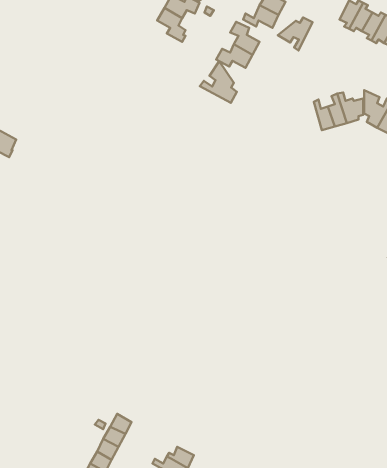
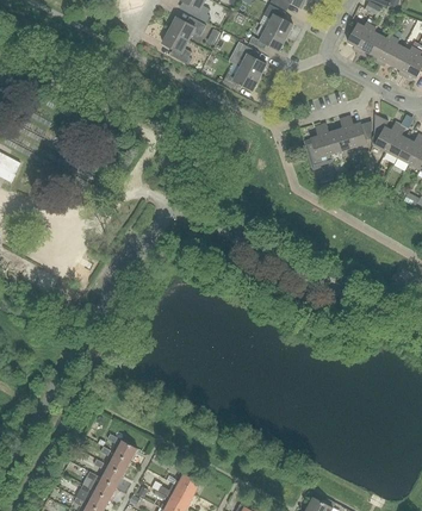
building: [278,18,312,50] -> none
building: [200,61,237,103] -> none
building: none -> [305,124,330,168]

